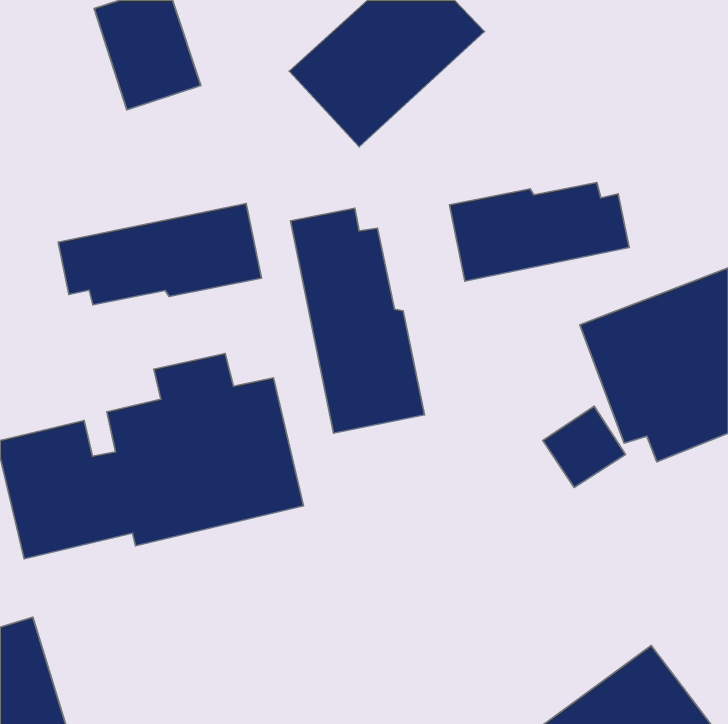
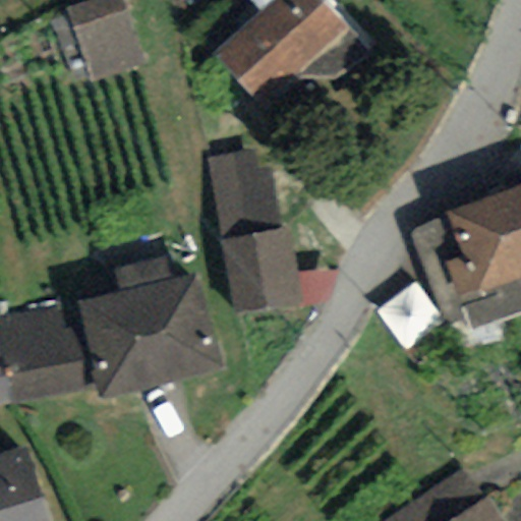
building: [449,182,629,281] -> none
building: [58,204,261,305] -> none

